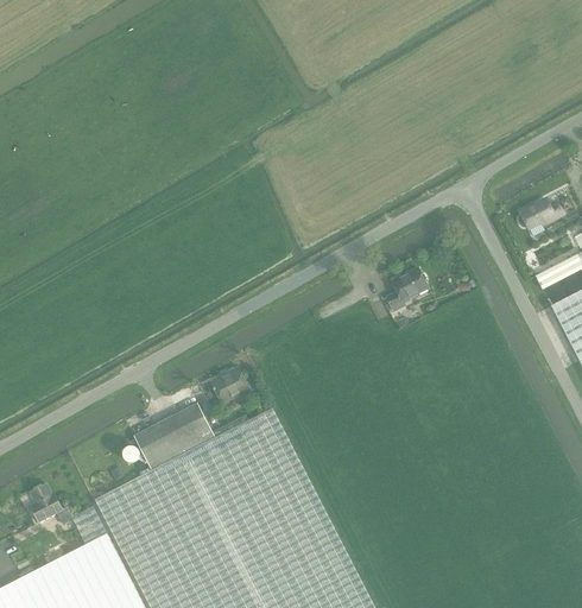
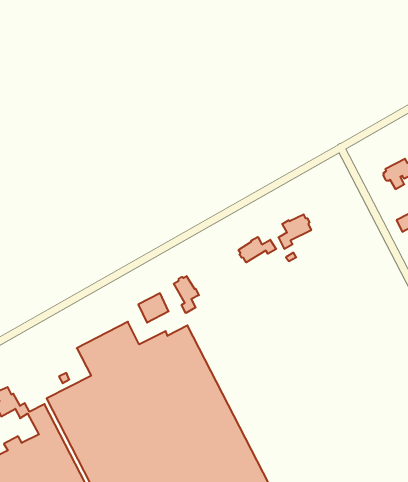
building: none -> [239,237,276,262]
building: none -> [174,276,199,313]

